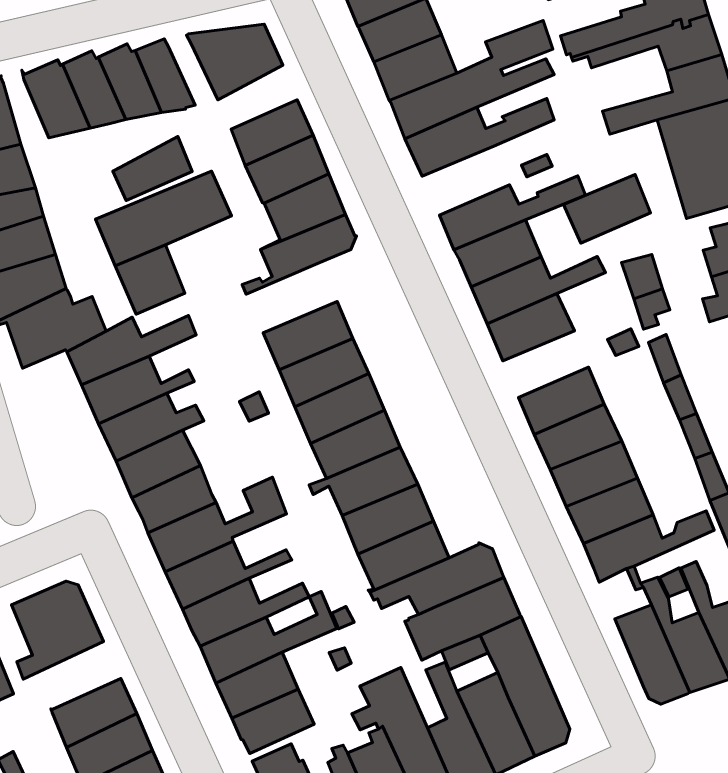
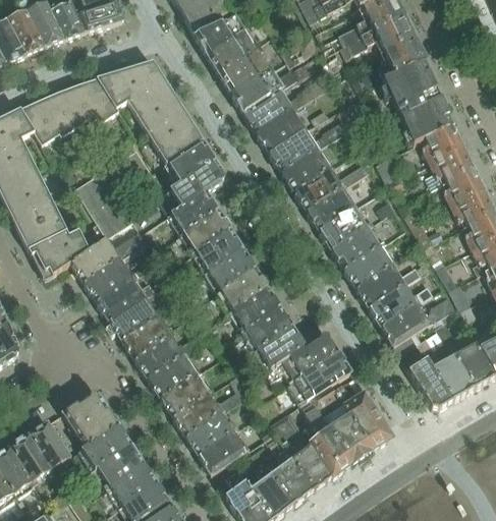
building: [113,137,192,201] -> [134,82,179,123]
building: [563,174,651,243] -> [257,109,307,153]
building: none -> [168,190,220,235]
building: none -> [319,206,368,248]
building: none -> [77,423,132,466]

